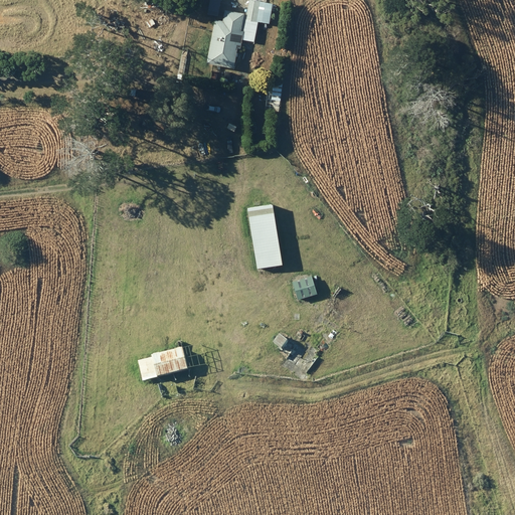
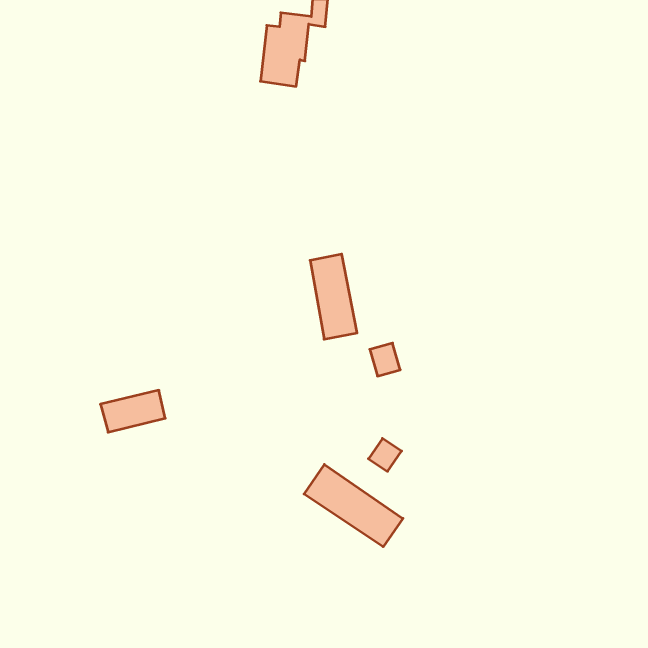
building: [138,348,189,381] -> [100,390,165,432]
building: none -> [304,464,403,547]

